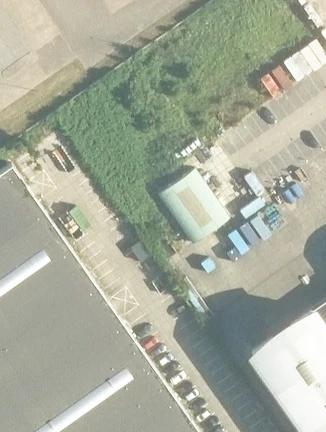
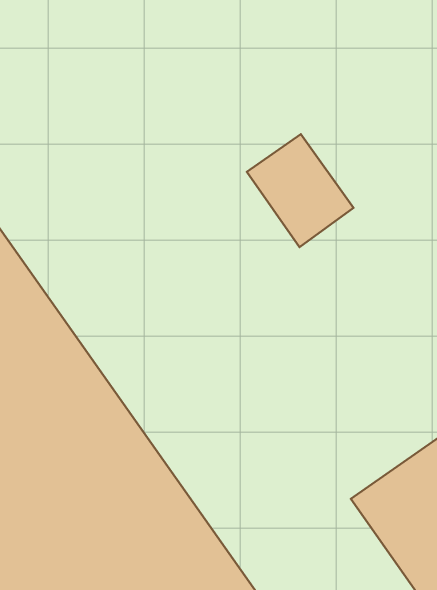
building: [157,172,228,247] -> [247,134,354,247]

